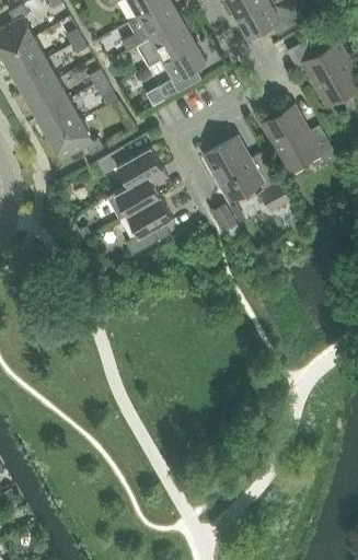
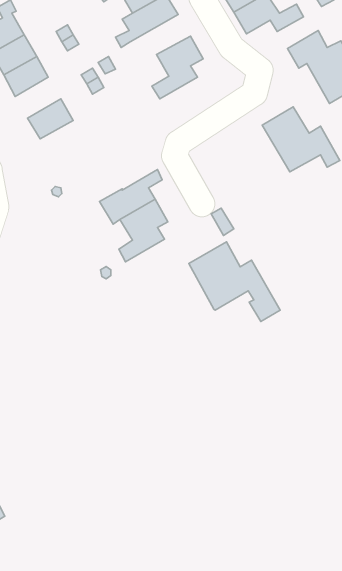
building: [136,19,194,66] -> none
building: [25,79,69,118] -> none
building: [49,120,103,160] -> none
building: [201,135,289,211] -> [189,242,280,322]
building: [95,147,162,187] -> none

